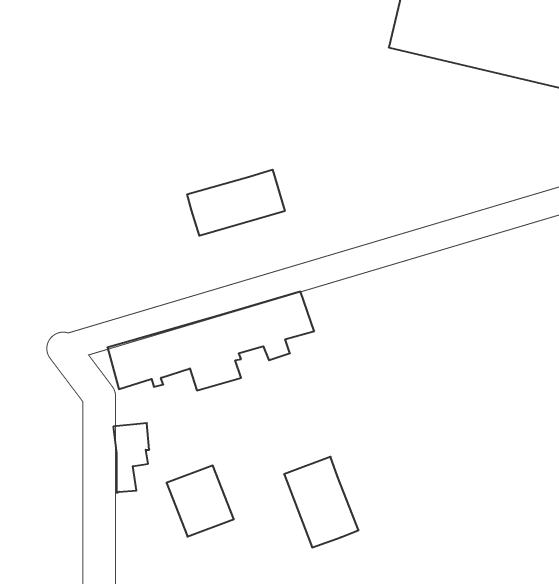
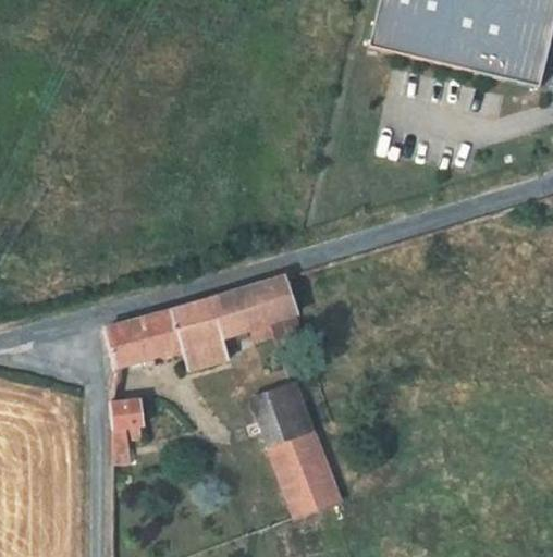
building: [187,170,285,236] -> none
building: [166,466,234,537] -> [250,380,314,446]

